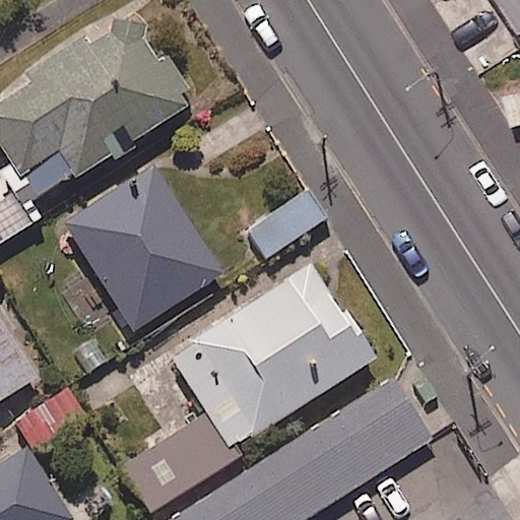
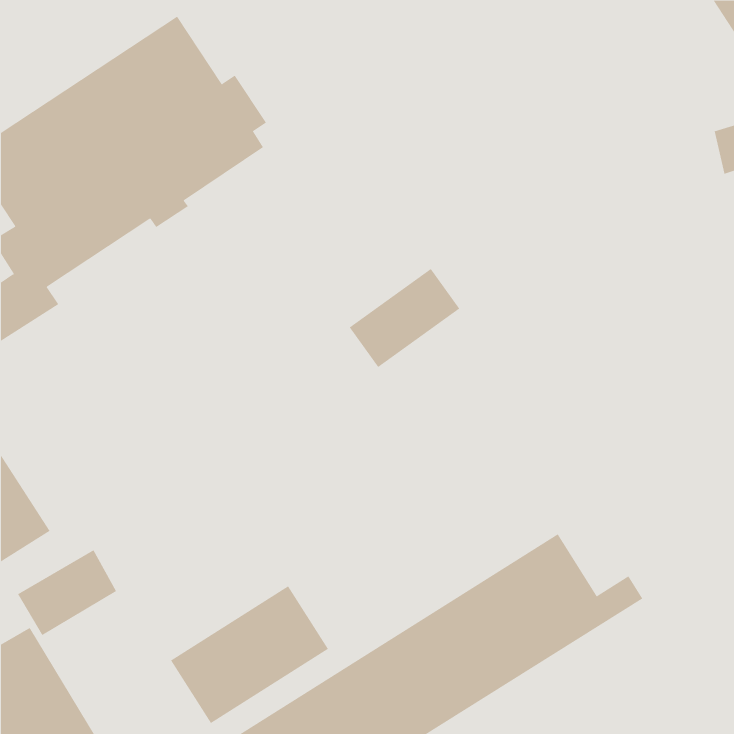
building: [62,166,220,331] -> none
building: [169,263,376,448] -> none

